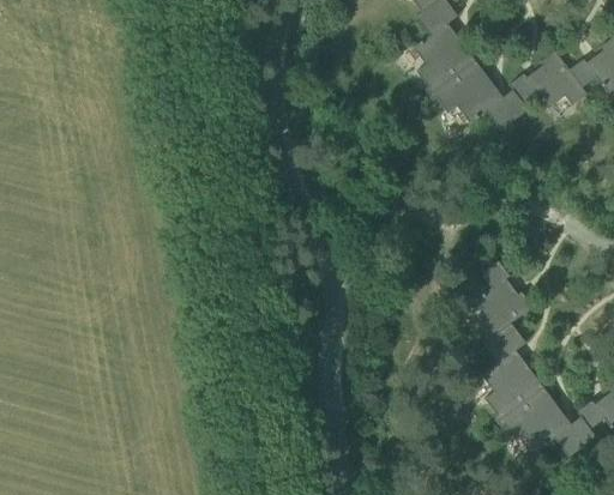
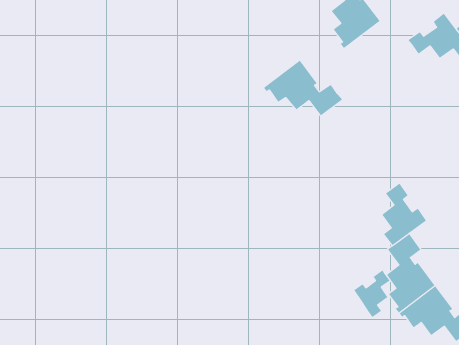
building: [429,60,528,129] -> [263,60,343,116]
building: none -> [353,269,390,318]

